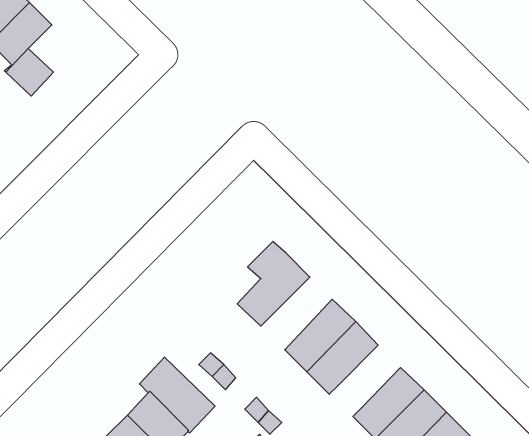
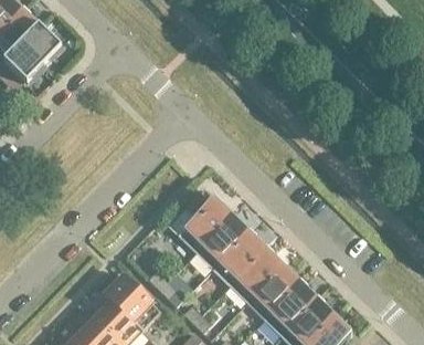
building: none -> [22,27,59,62]
building: none -> [195,215,248,269]
building: none -> [246,265,299,318]

